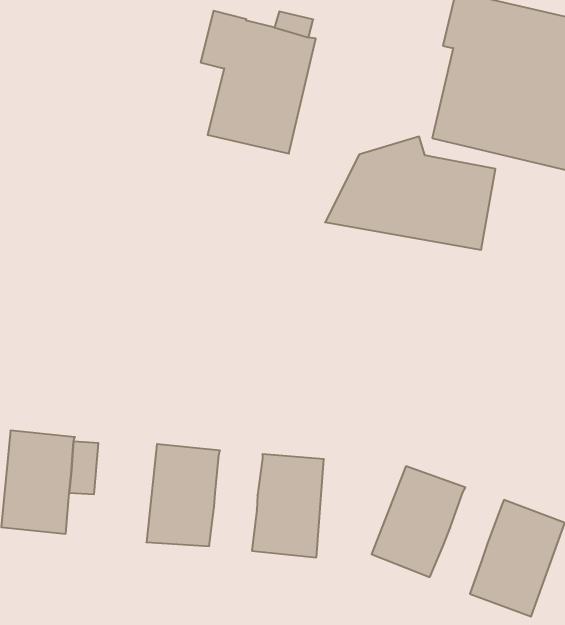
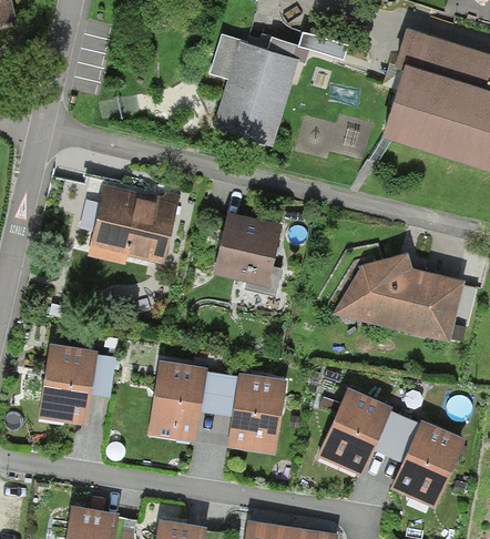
building: [325,137,495,250] -> [333,253,465,342]
building: none -> [89,184,180,263]
building: none -> [213,211,282,286]
building: none -> [201,372,239,415]
building: none -> [374,410,419,461]

